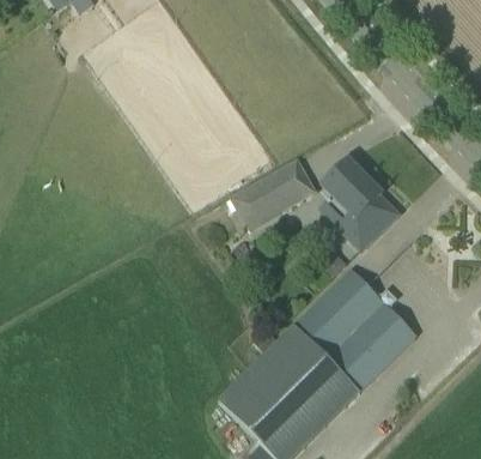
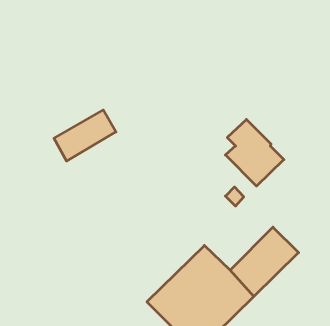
building: [232,159,313,227] -> [54,110,116,161]
building: [293,267,383,357] -> none

